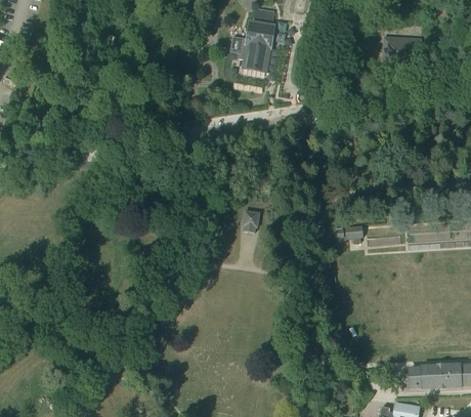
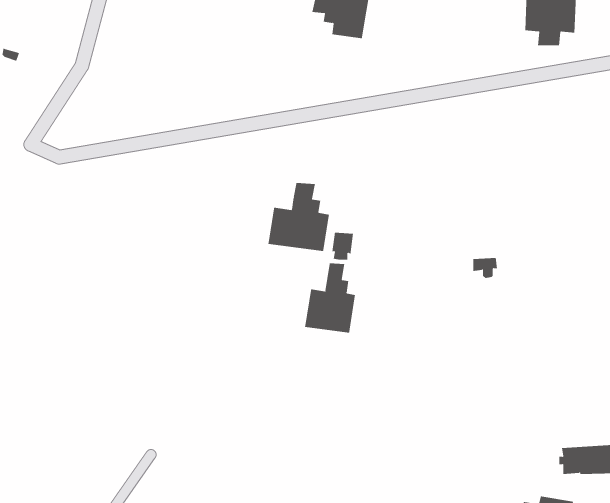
building: none -> [268,182,330,252]
building: none -> [305,263,356,333]

